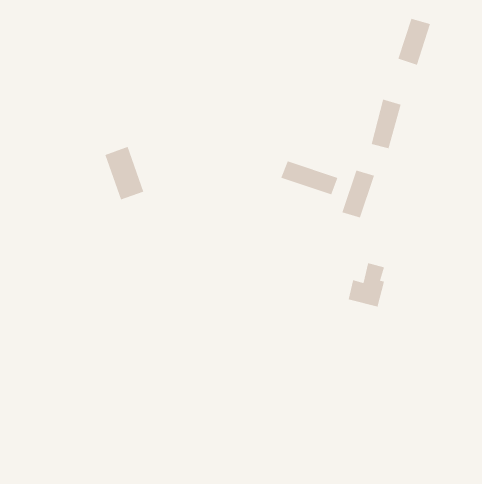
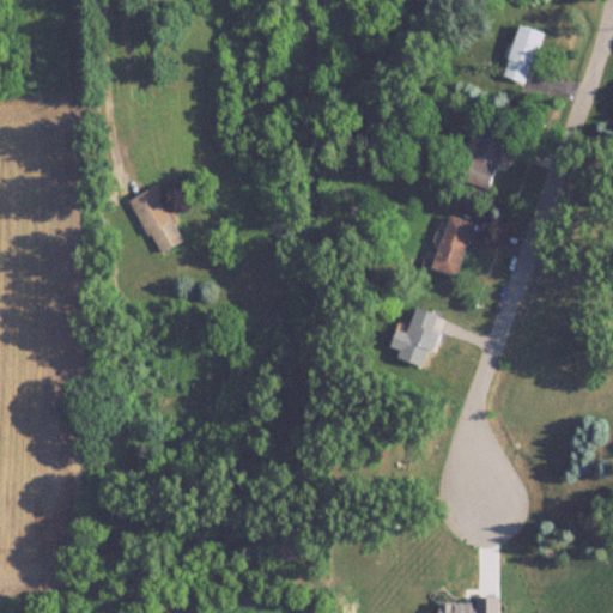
building: [281,161,338,195] -> none
building: [348,262,385,307] -> [389,308,436,364]

